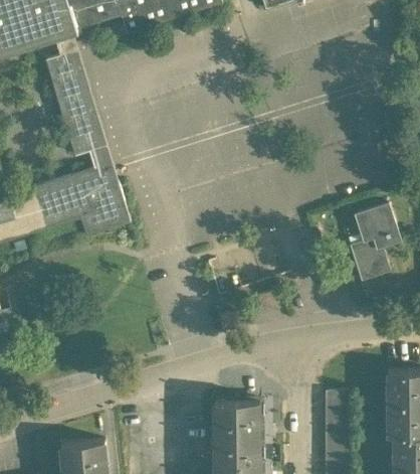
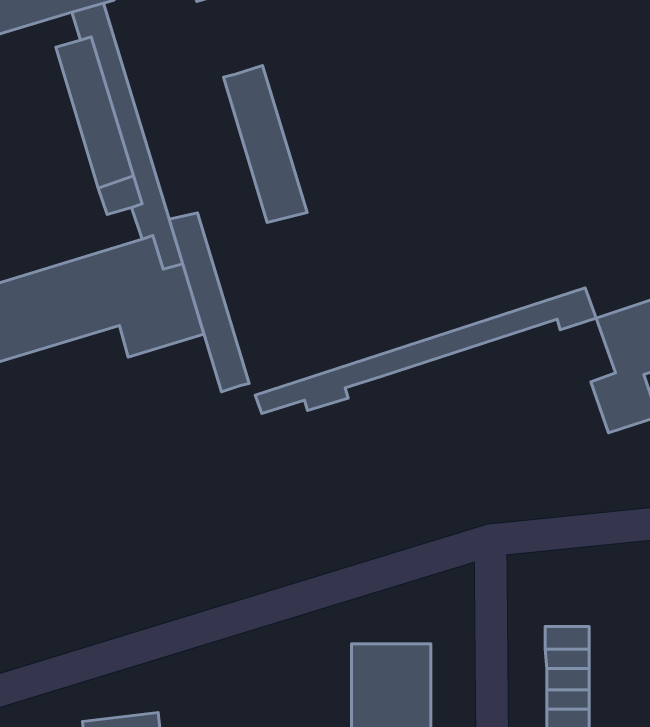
building: none -> [223,65,307,223]
building: none -> [169,213,249,392]
building: none -> [255,288,596,414]

